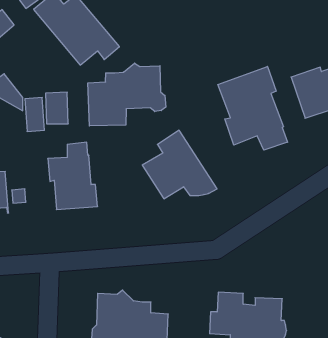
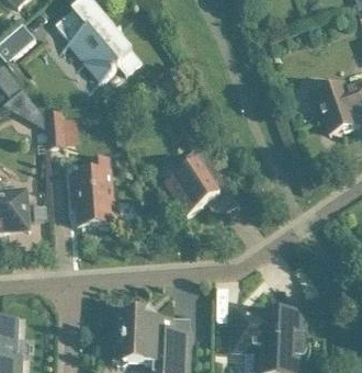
building: [88,63,166,126] -> none
building: [218,66,288,150] -> none

